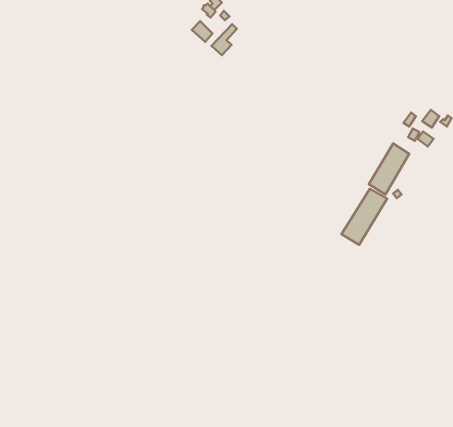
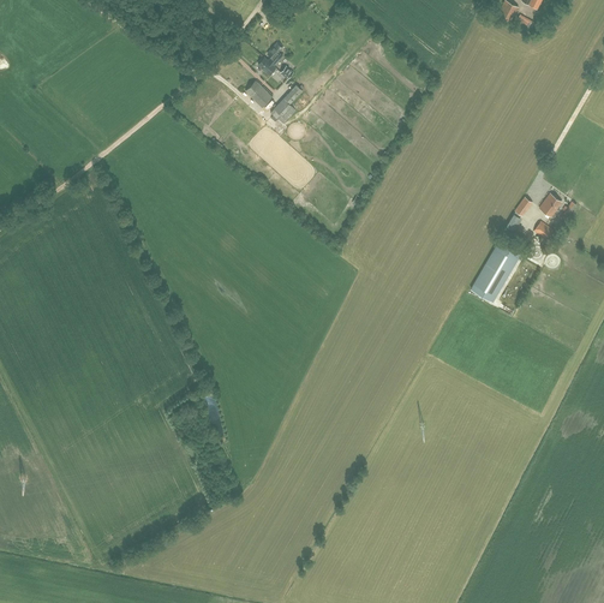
building: [342,189,387,245] -> none

